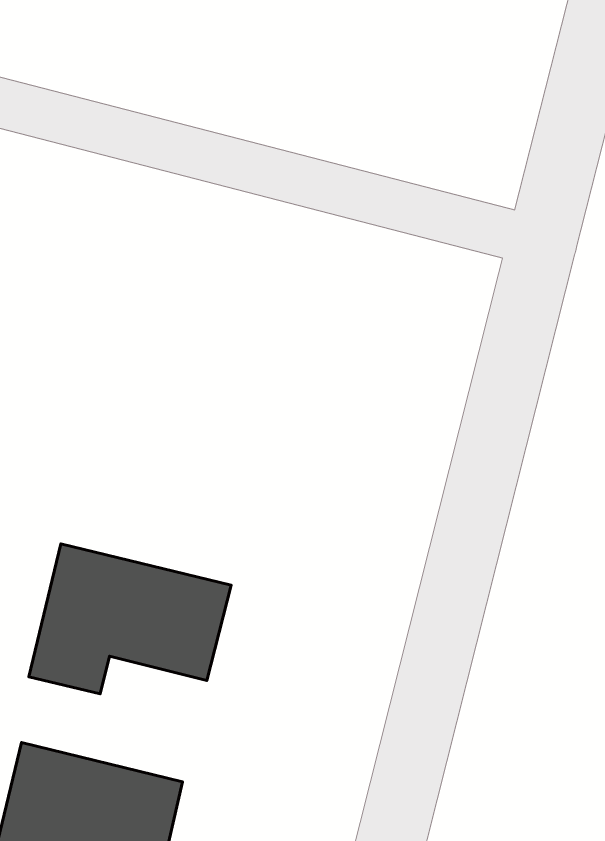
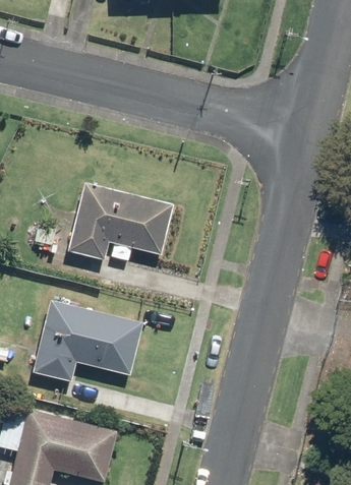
building: none -> [67,182,172,259]

